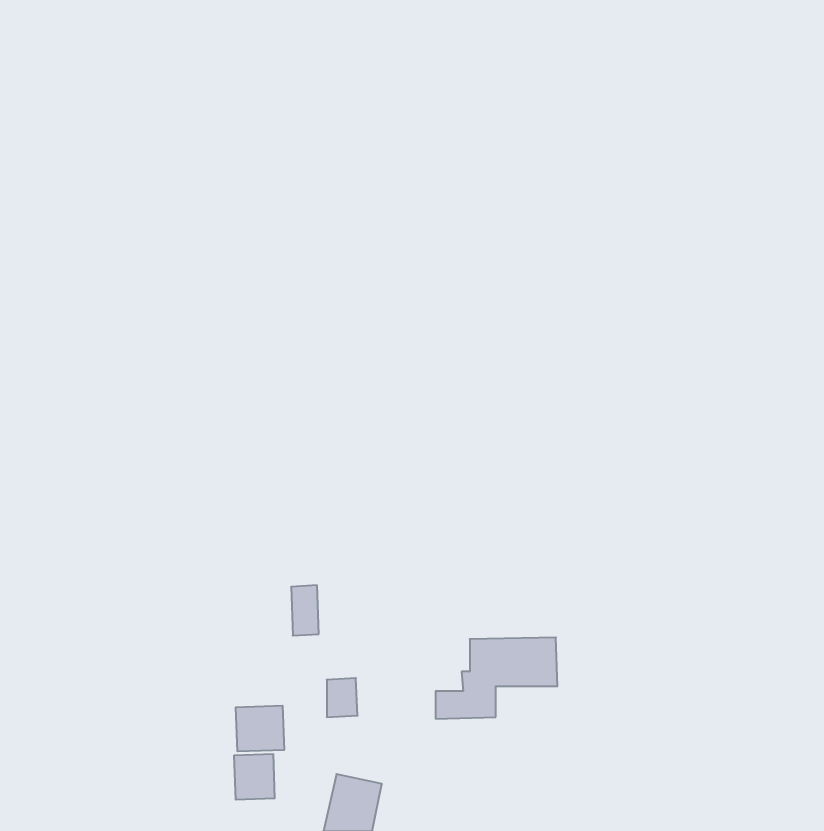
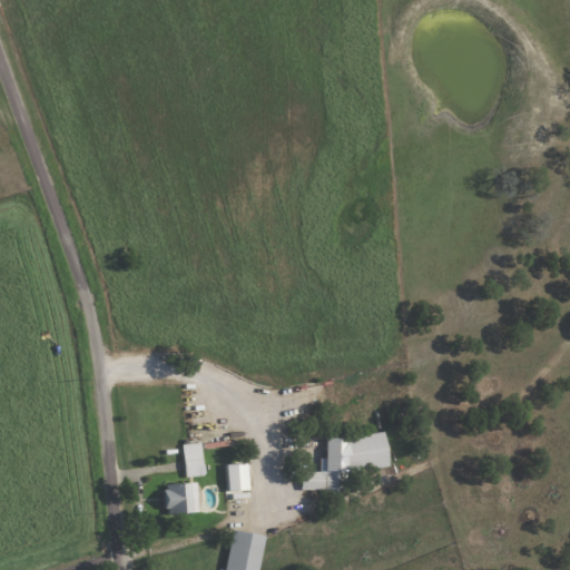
building: [291,585,319,636] -> [185,443,204,478]
building: [234,754,275,800] -> none

